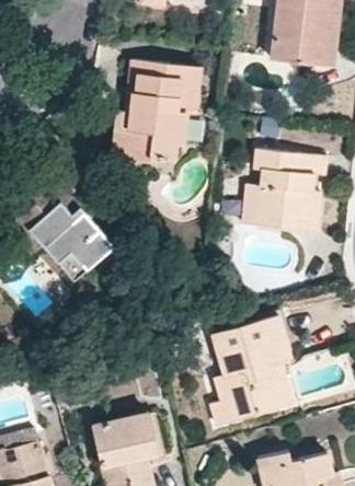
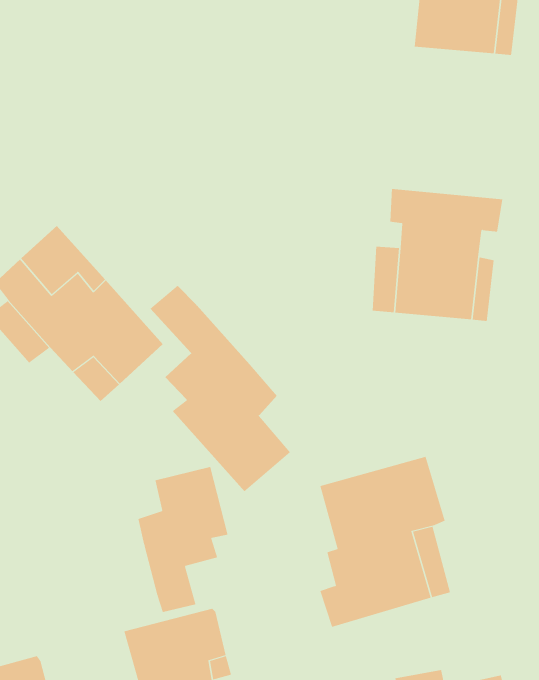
building: [114,60,199,160] -> none
building: none -> [149,285,291,492]
building: none -> [138,466,228,613]

